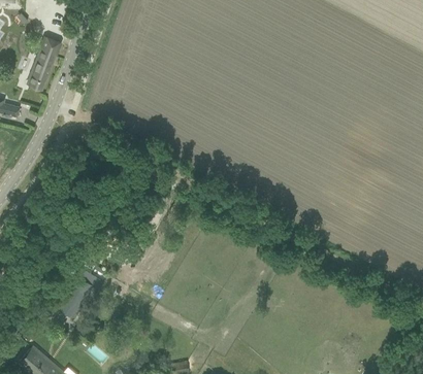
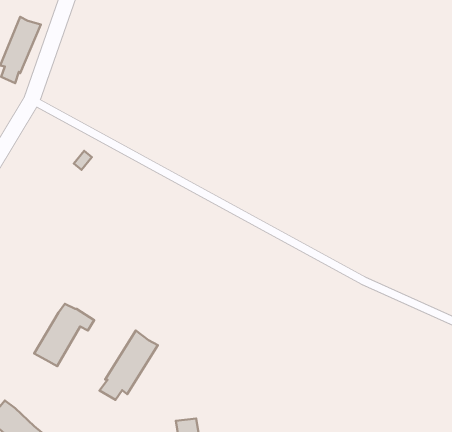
building: none -> [99,330,158,400]

